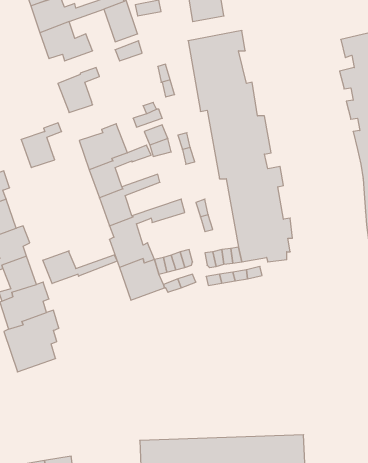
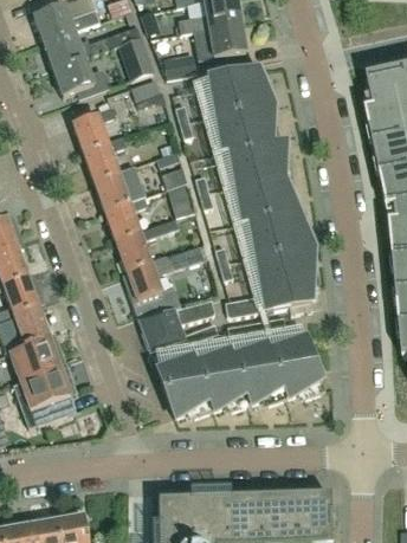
building: none -> [164,51,199,78]
building: [21,123,62,168] -> [83,136,125,183]
building: [43,251,117,284] -> none
building: none -> [157,336,327,418]

